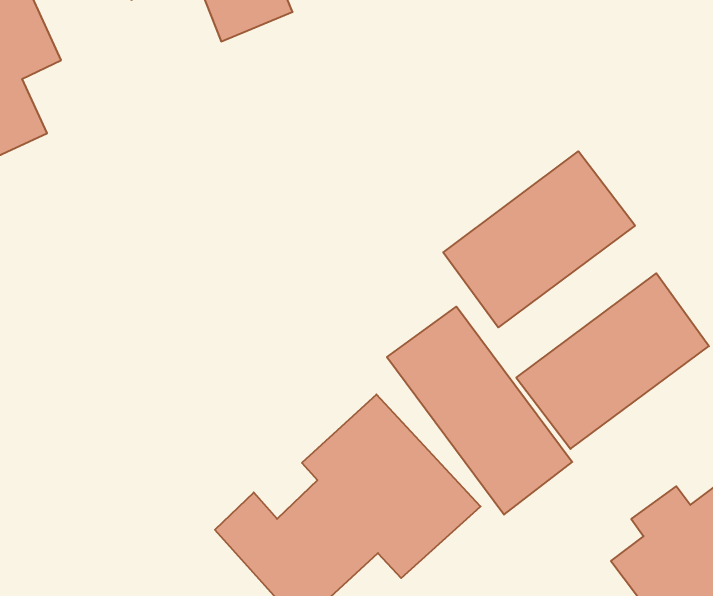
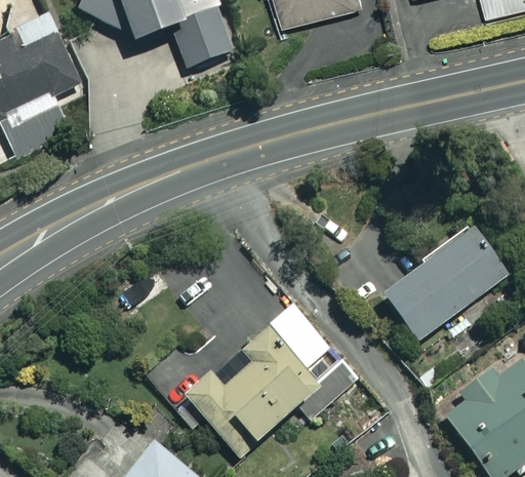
building: [443,151,635,327] -> none
building: [387,307,572,515] -> none

